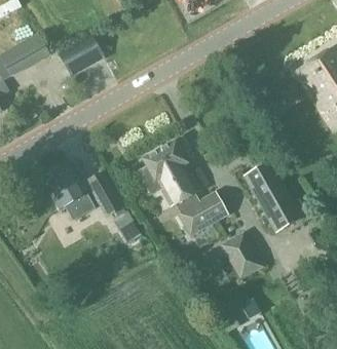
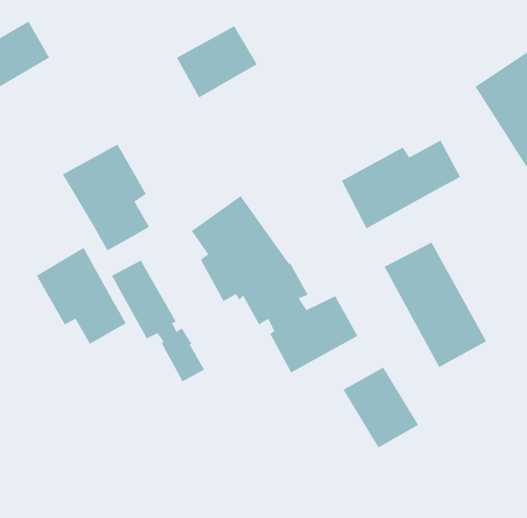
building: [59,35,106,77] -> [176,25,258,98]
building: none -> [341,140,461,230]
building: none -> [62,143,150,252]

